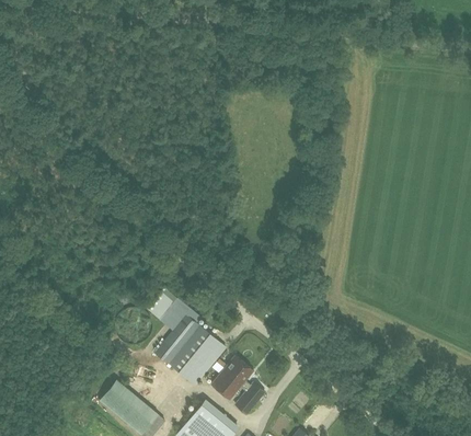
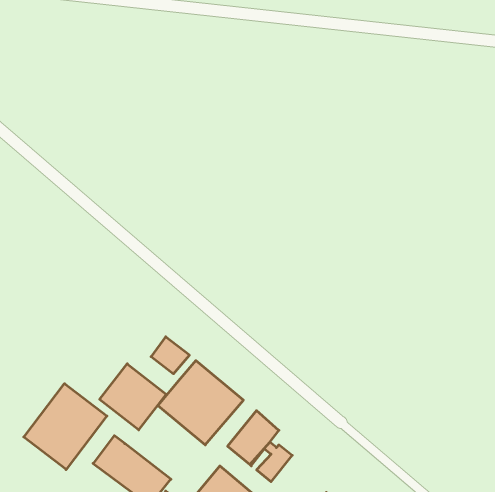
building: none -> [100,364,166,430]
building: none -> [24,384,107,470]

